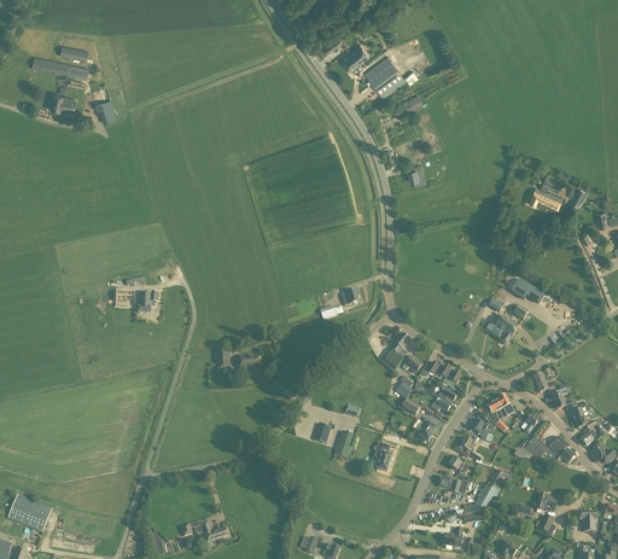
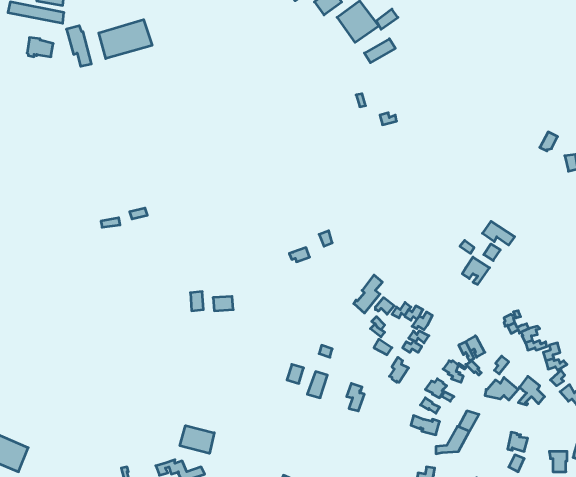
building: none -> [99,20,152,59]
building: [527,171,562,209] -> none
building: [115,290,156,311] -> none
building: none -> [180,426,214,453]

